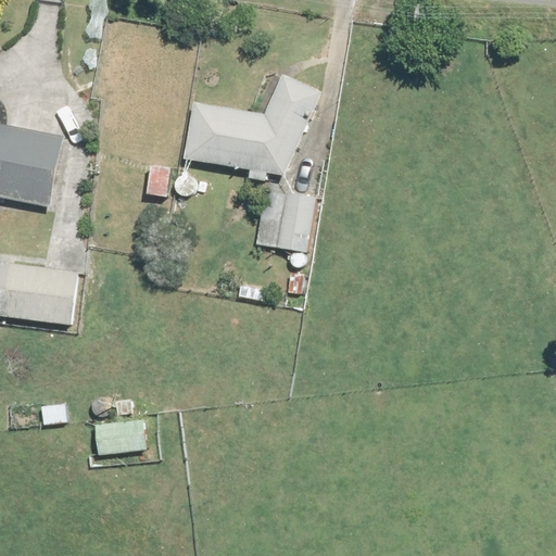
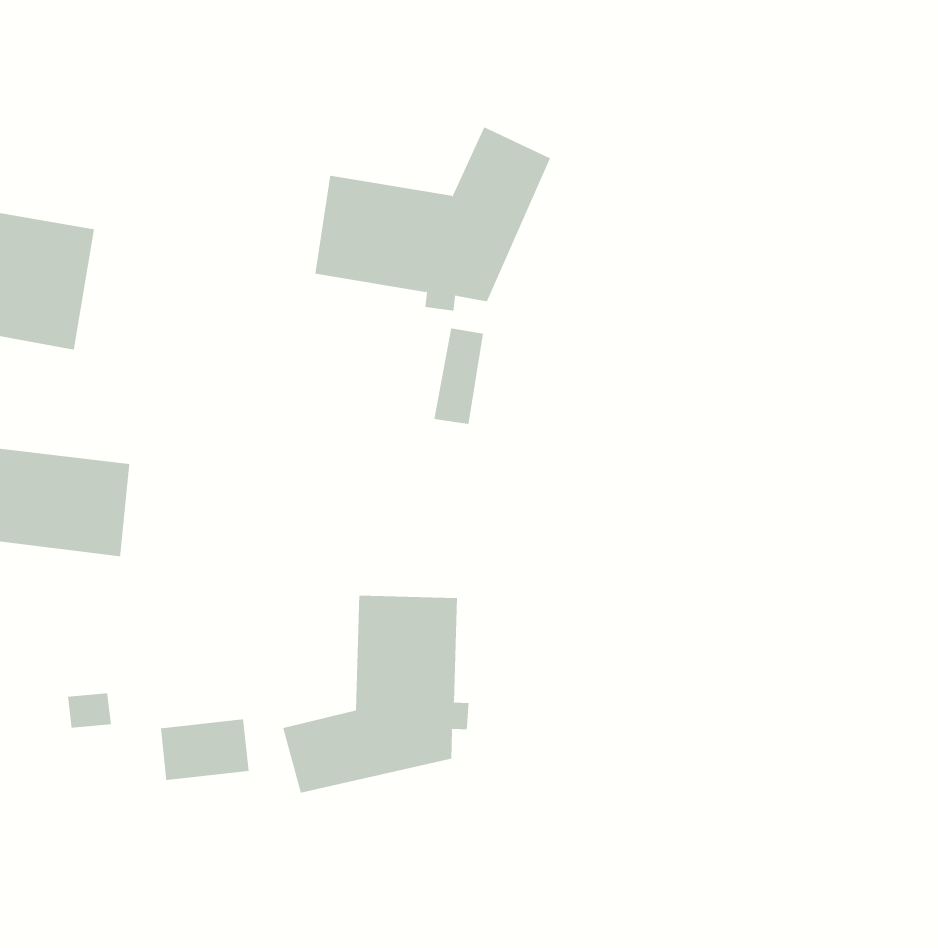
building: [275,192,315,253] -> none
building: none -> [282,595,469,793]

